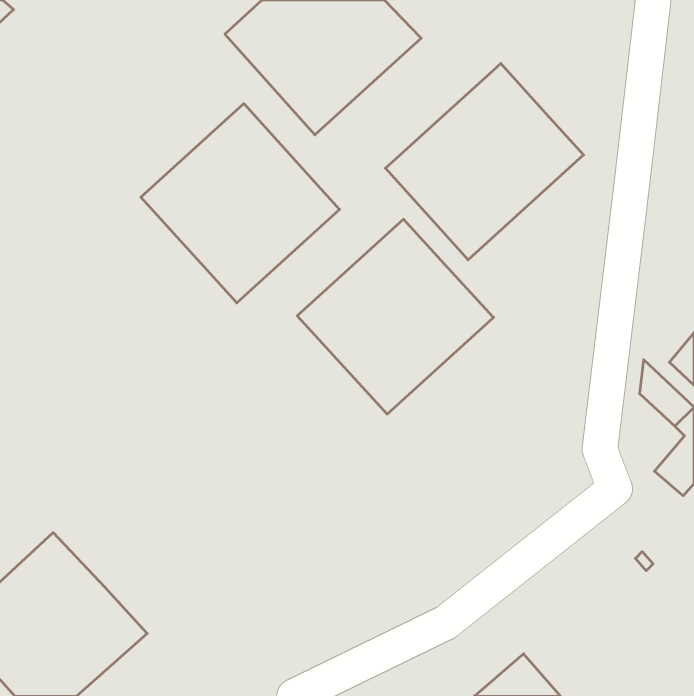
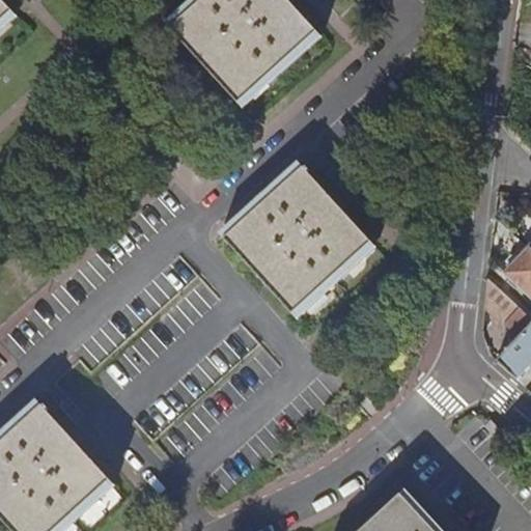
building: [385,63,584,260] -> none
building: [141,104,340,303] -> none

